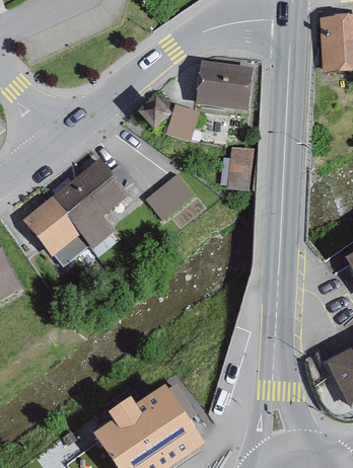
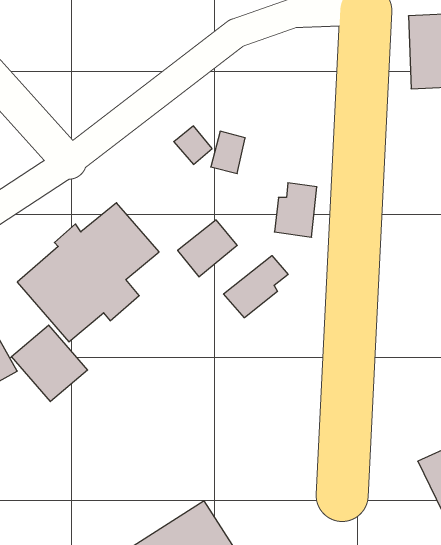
building: [195,59,253,109] -> none
building: none -> [224,256,288,318]
building: none -> [11,325,88,402]

